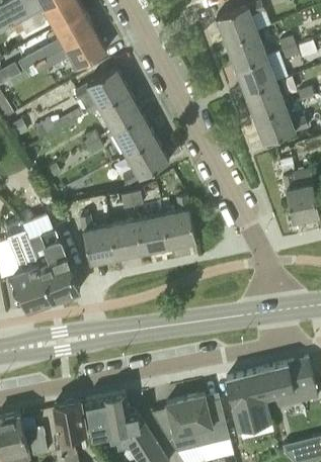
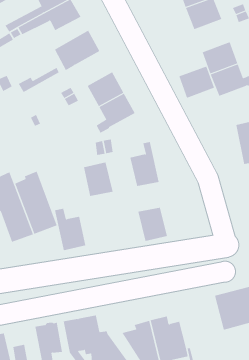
building: [235,56,276,93] -> [178,66,215,98]
building: [98,92,142,131] -> none
building: [135,213,169,253] -> [138,207,168,242]
building: [79,215,115,264] -> [54,208,86,251]
building: [226,371,271,429] -> none

